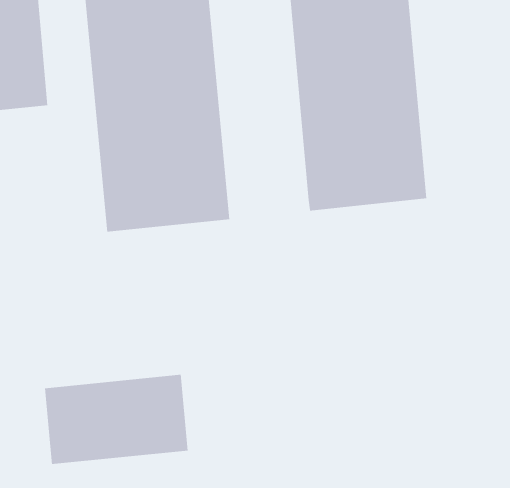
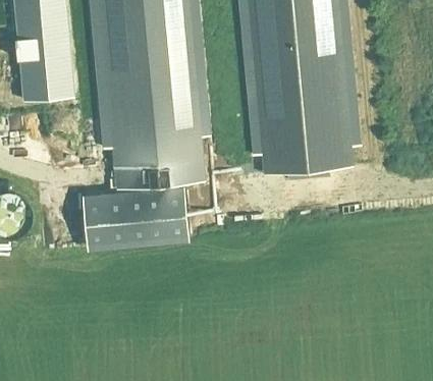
building: [44,374,189,465] -> [80,186,186,253]

